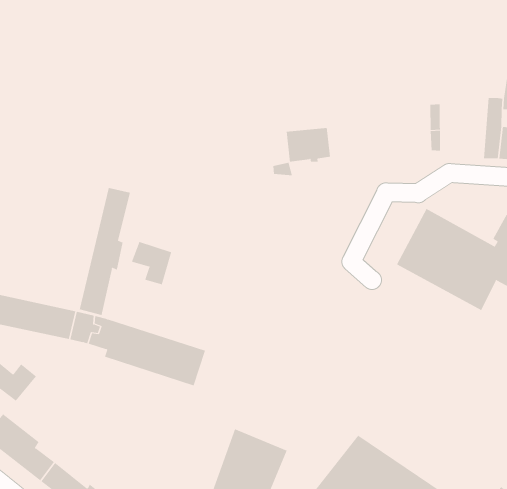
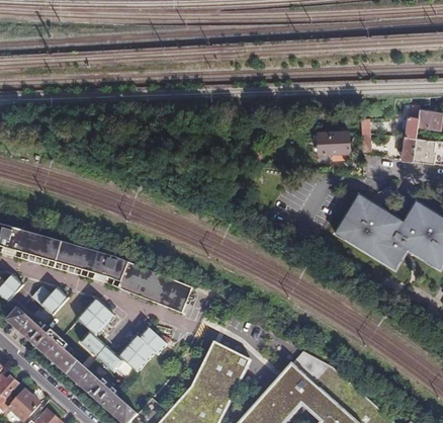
building: [286,128,331,162] -> [319,132,350,156]
building: [79,187,131,316] -> none
building: [131,241,172,285] -> none
building: none -> [76,298,166,371]

